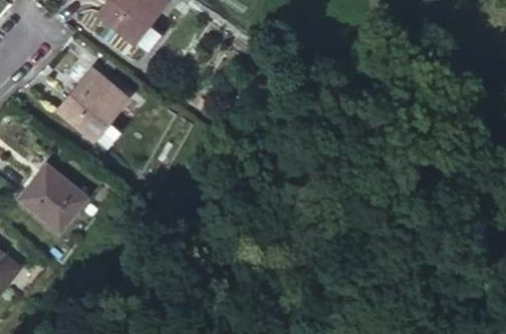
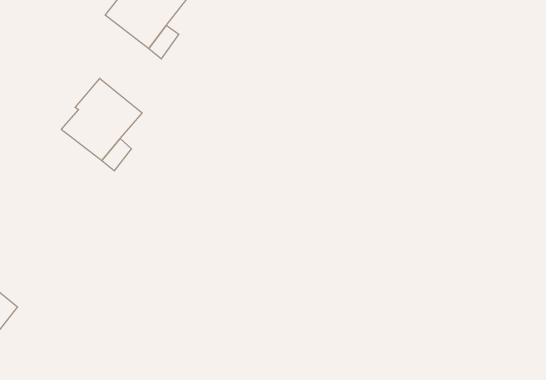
building: [18,164,86,231] -> none

